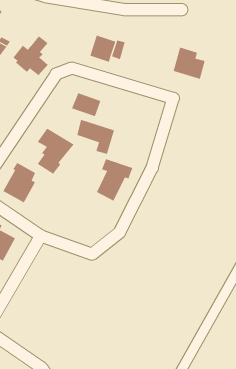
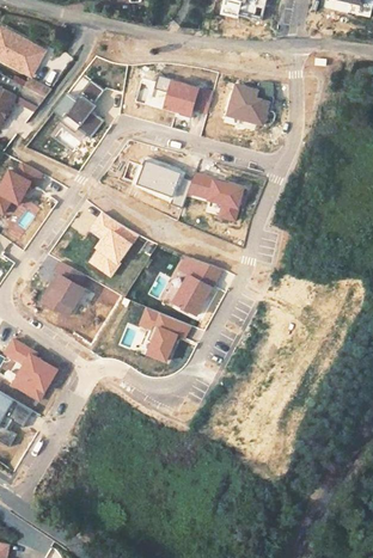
building: [173,47,205,79] -> [224,81,270,128]
building: [76,119,115,154] -> [189,172,244,222]
building: none -> [136,307,190,364]

